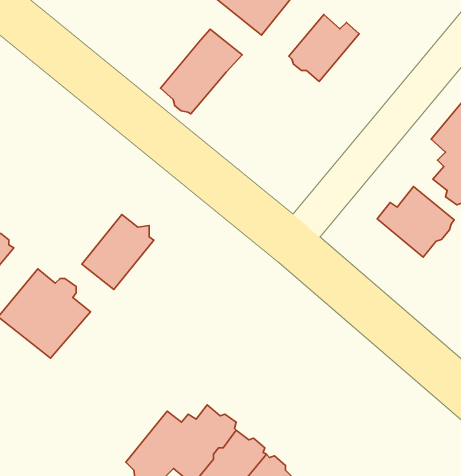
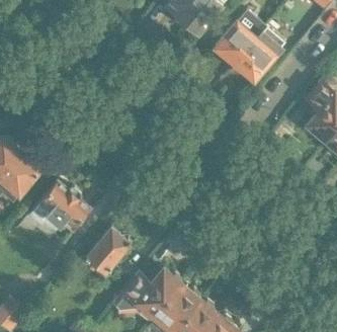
building: [160,29,242,114] -> [236,25,287,79]
building: [377,187,454,257] -> none
building: [82,214,154,290] -> [87,226,133,273]

